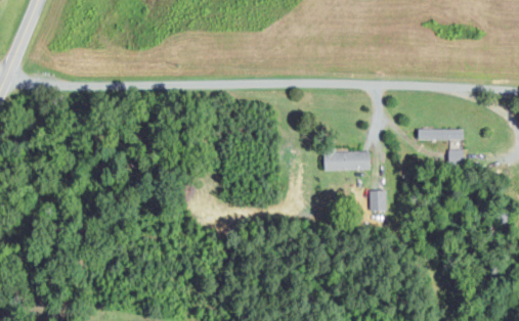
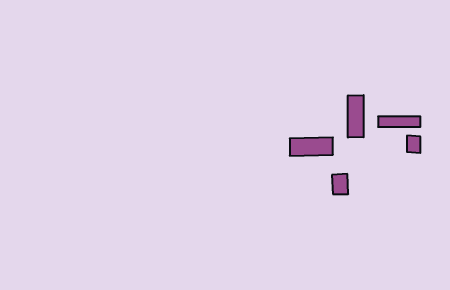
building: none -> [348,95,364,138]

